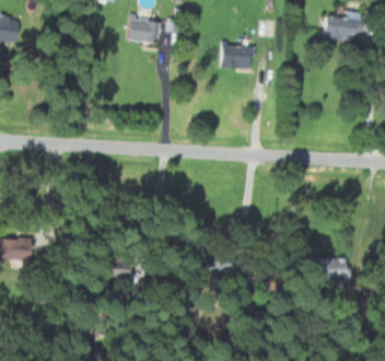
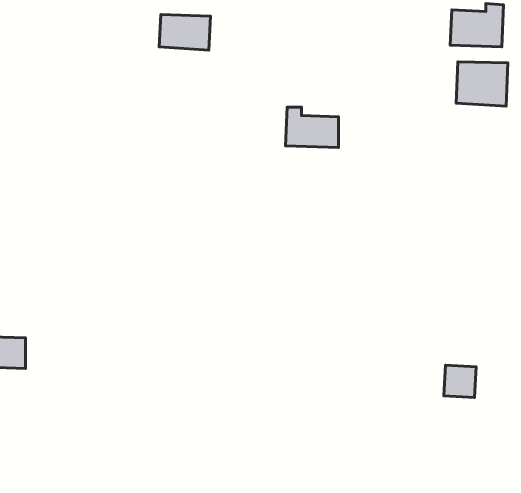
building: [220,40,256,68] -> [285,107,339,148]
building: none -> [456,62,508,106]

